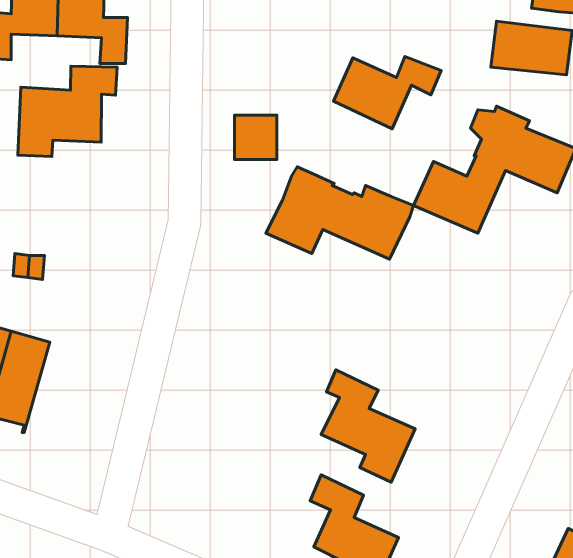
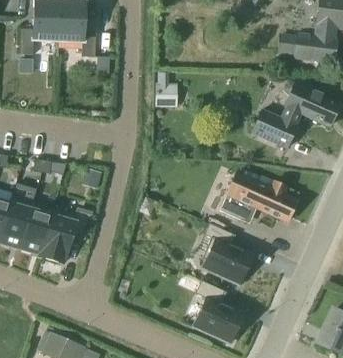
building: [333,56,441,129] -> none
building: [18,66,117,156] -> none
building: [266,167,413,259] -> [219,171,299,221]
building: none -> [40,207,91,263]

